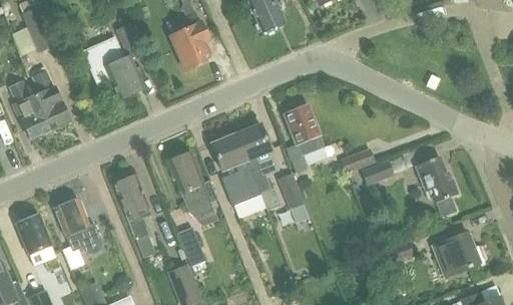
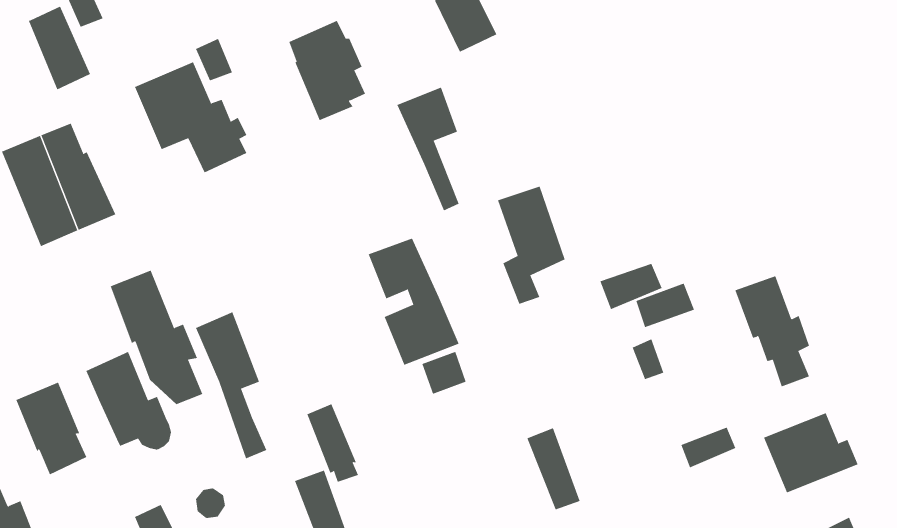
building: [236,124,272,194] -> [397,87,460,211]
building: [166,151,218,227] -> [110,270,203,405]
building: [278,173,308,219] -> [527,427,580,510]

